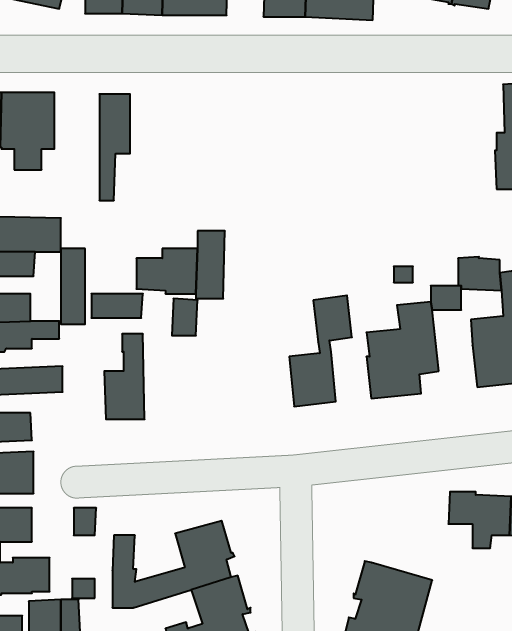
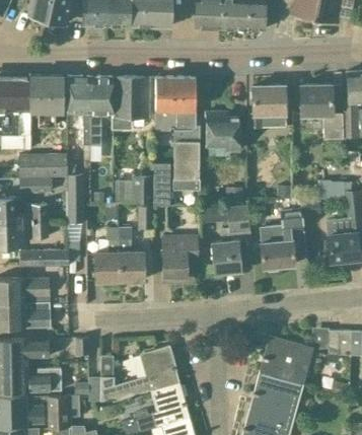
building: none -> [68,77,92,160]
building: none -> [112,77,150,128]
building: none -> [155,77,200,190]
building: none -> [247,85,285,126]
building: none -> [301,85,343,138]
building: none -> [206,113,240,151]
building: none -> [120,227,145,282]
building: none -> [163,236,198,281]
building: none -> [262,336,312,383]

